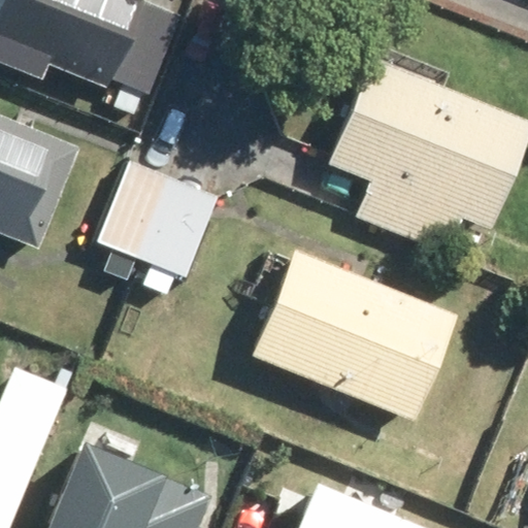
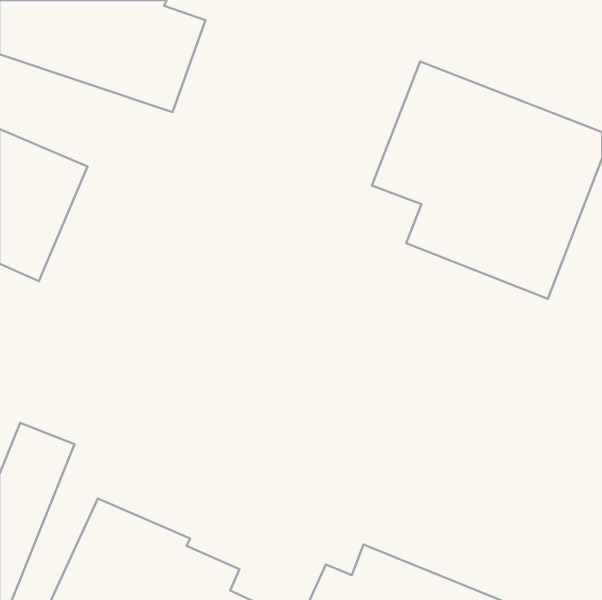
building: [98,163,222,299] -> none
building: [251,246,461,420] -> none

